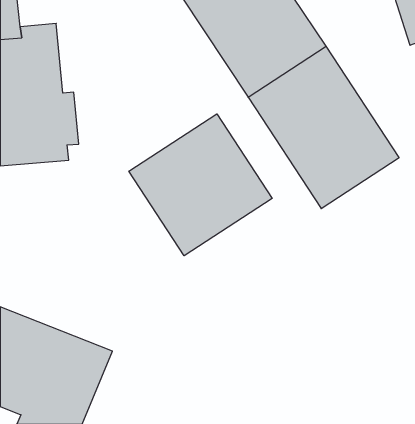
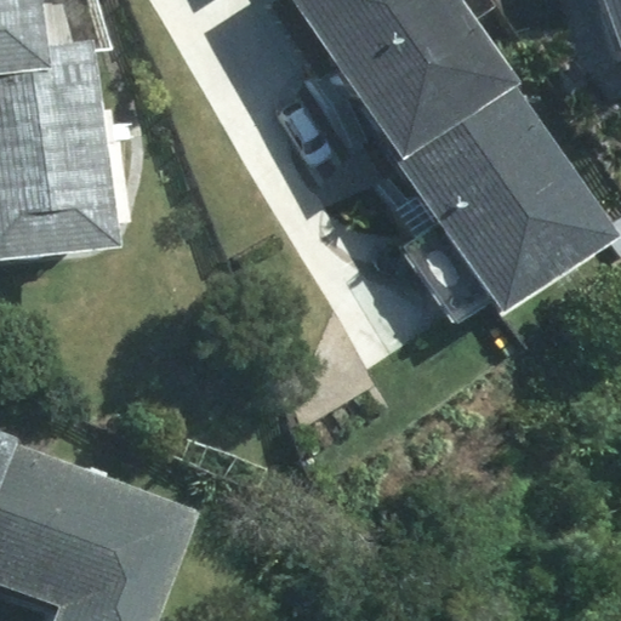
building: [129,114,272,256] -> none

